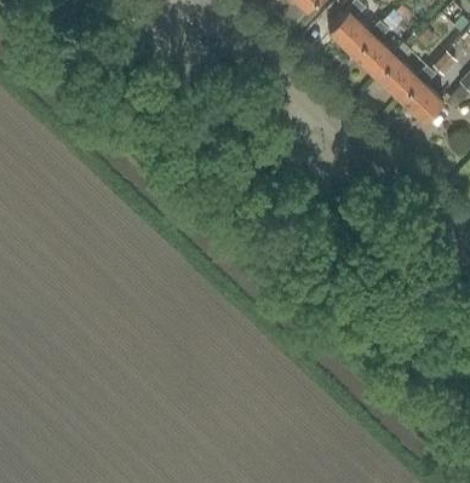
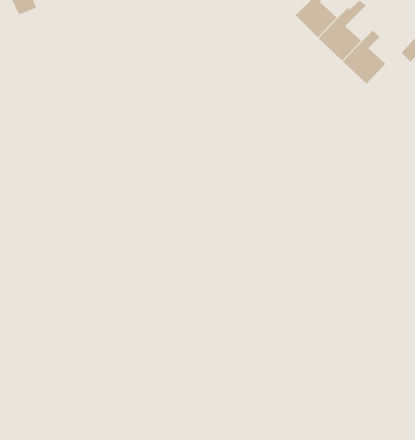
building: [399,68,441,122] -> none

